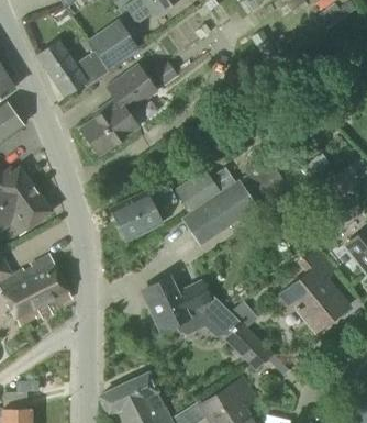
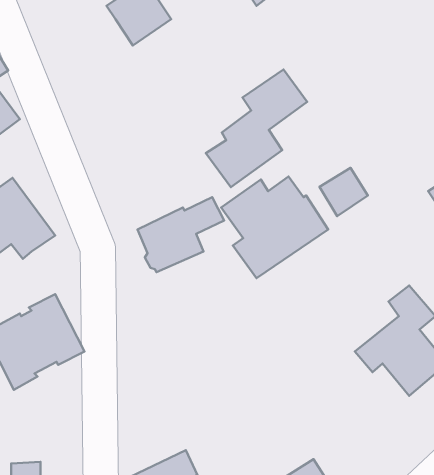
building: [38,42,110,94] -> none
building: [80,66,156,154] -> [206,69,307,187]
building: [146,277,283,369] -> none

